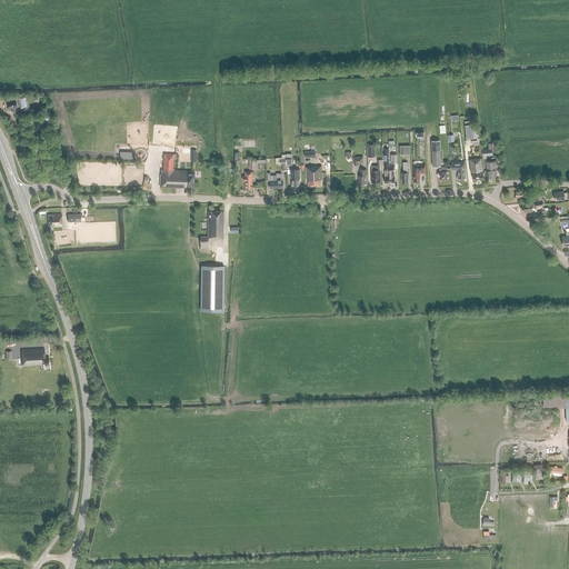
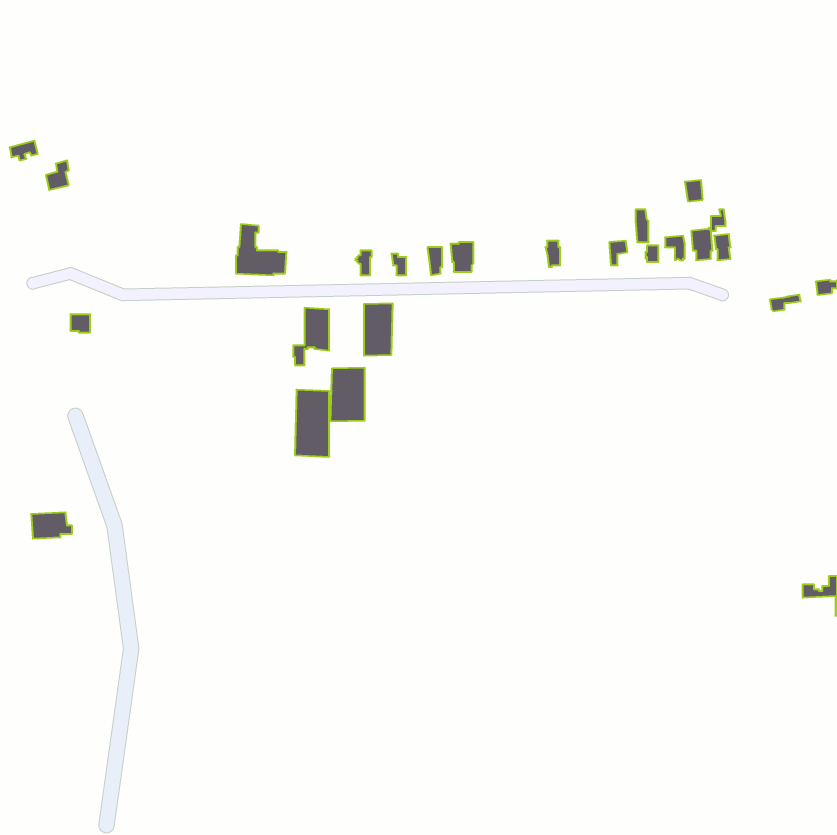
building: none -> [364,303,392,356]
building: none -> [331,368,365,421]

